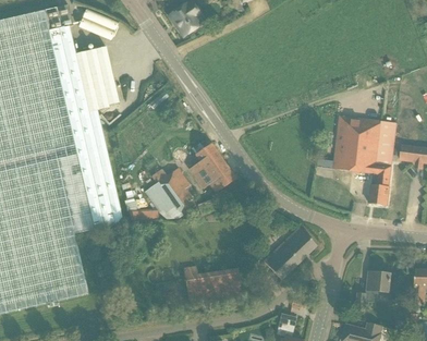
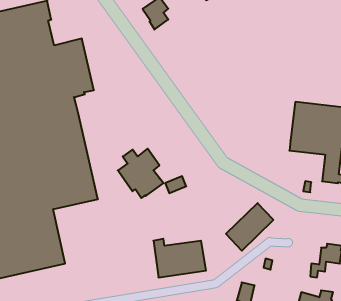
building: [190,144,235,194] -> none

